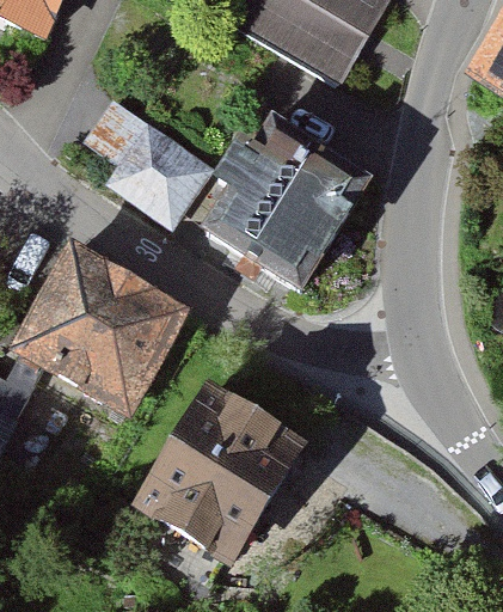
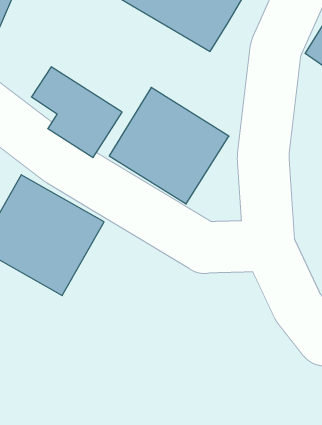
building: [127,385,299,564] -> none

